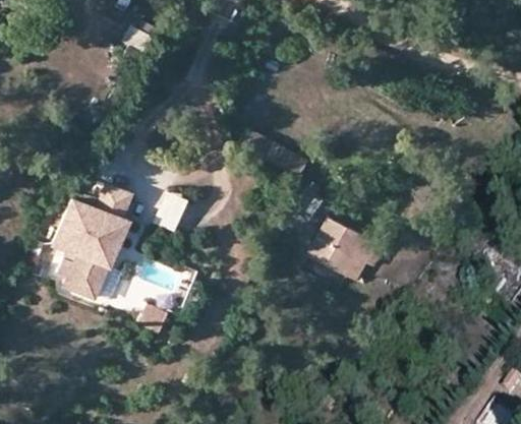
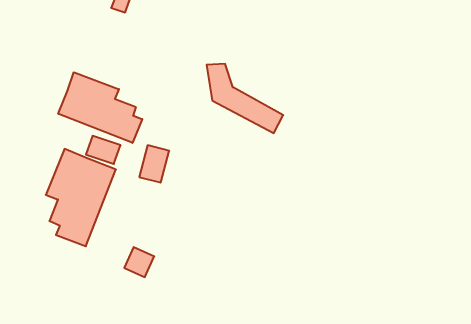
building: none -> [58,72,142,143]
building: [306,219,385,282] -> none

